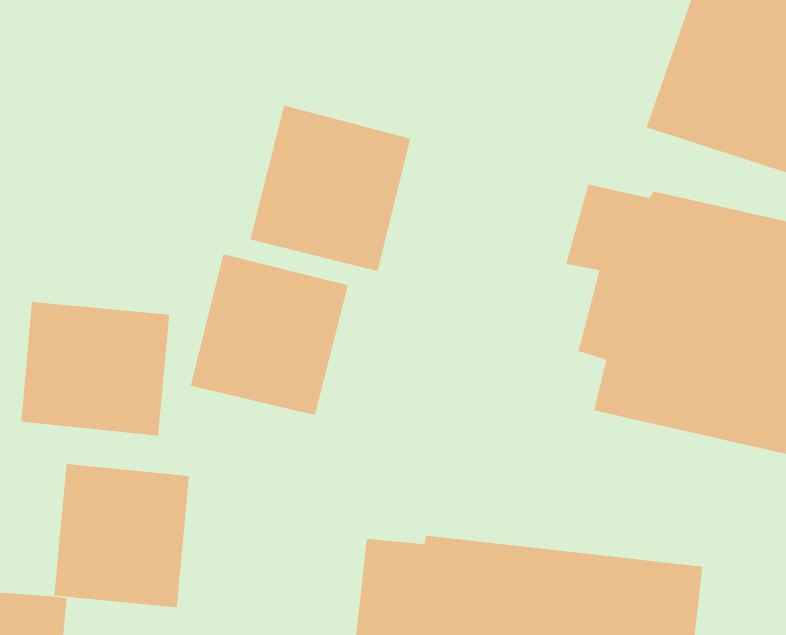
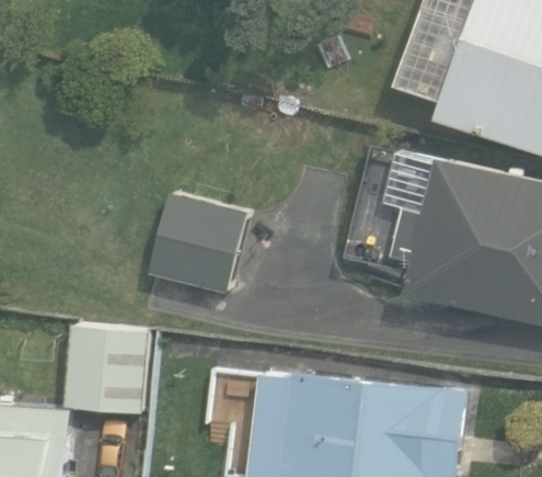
building: [250,104,411,272] -> none
building: [20,301,170,436] -> none

